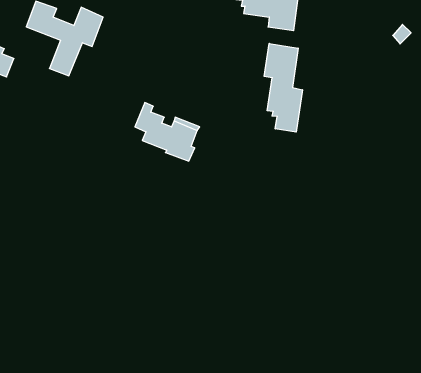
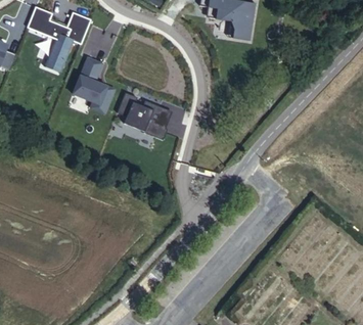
building: [264,43,302,132] -> none
building: none -> [72,56,115,112]

